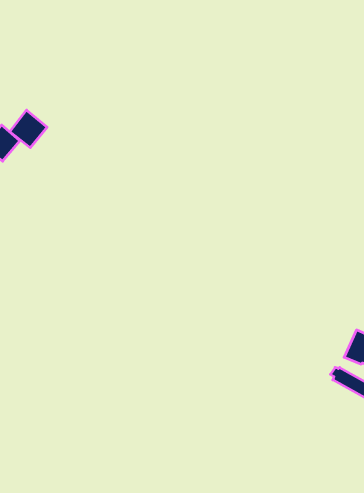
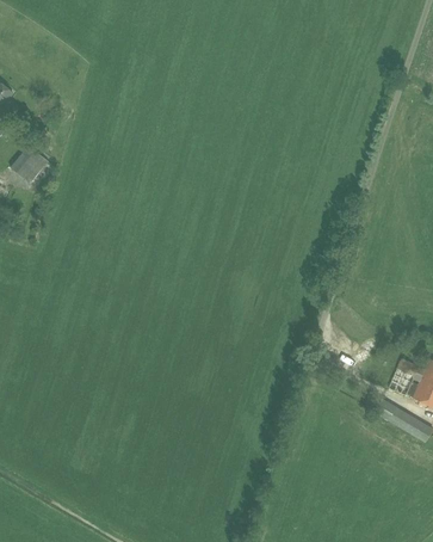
building: [10,110,47,148] -> none

